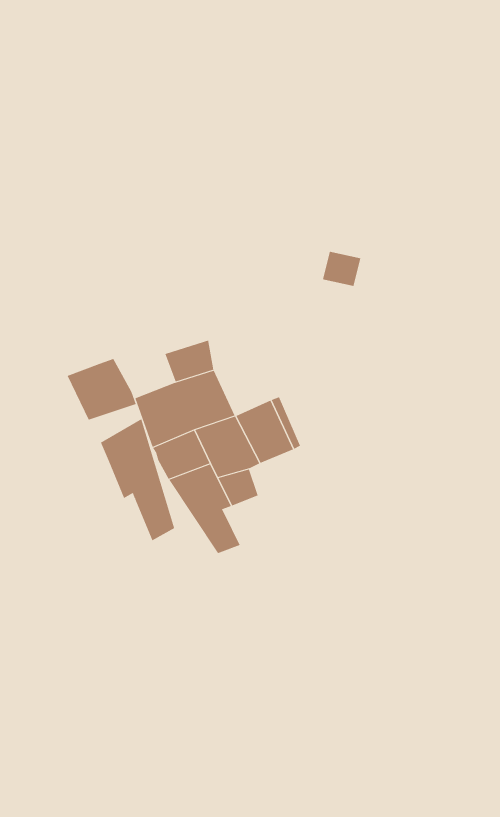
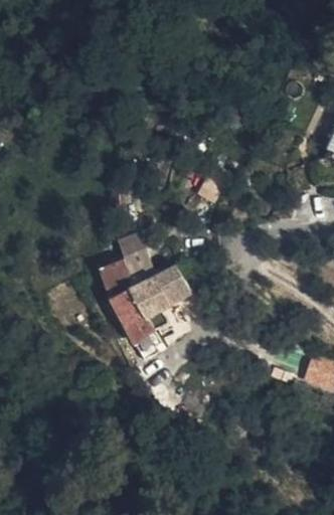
building: [67,358,137,420] -> none
building: [100,418,175,541] -> none

